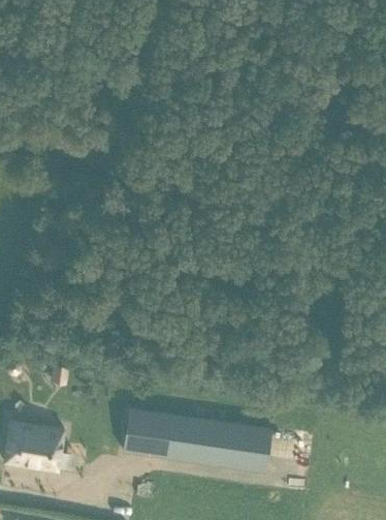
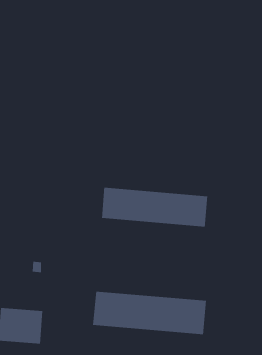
building: none -> [101,187,208,227]

